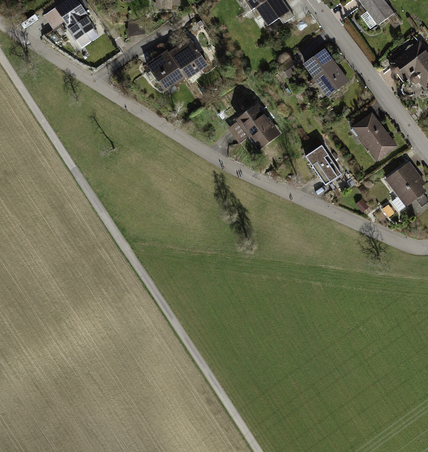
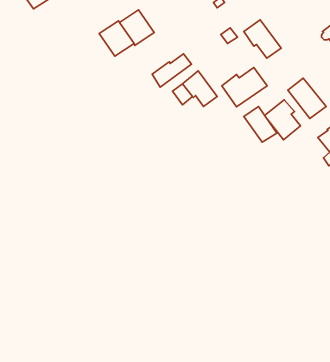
building: none -> [152,54,191,87]
building: none -> [222,68,267,107]
building: none -> [265,100,301,140]

